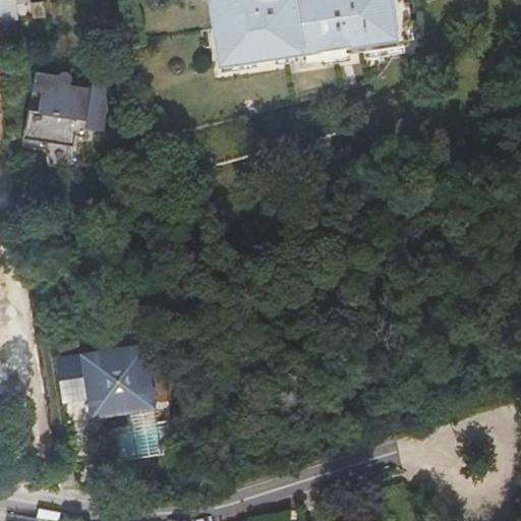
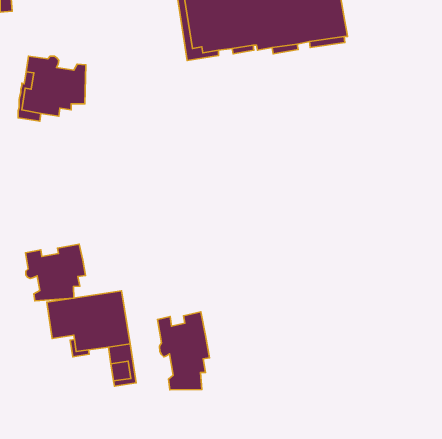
building: none -> [25,244,86,301]
building: none -> [158,312,209,390]

